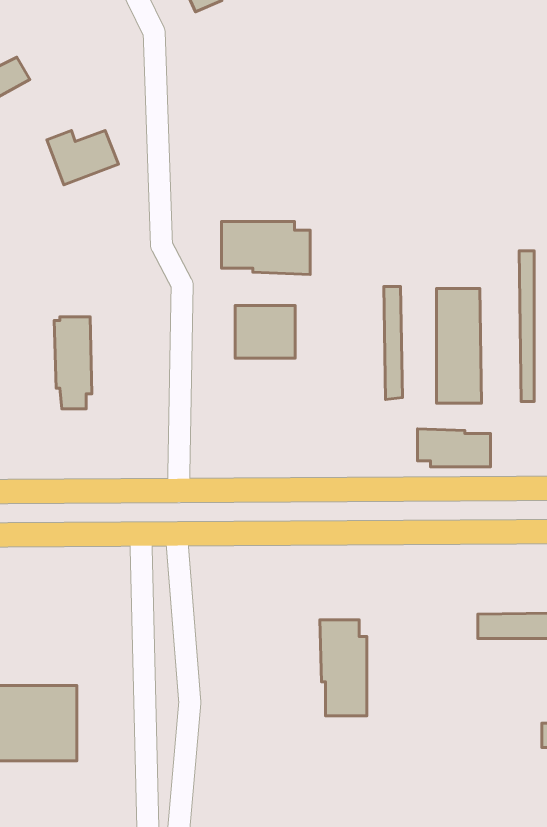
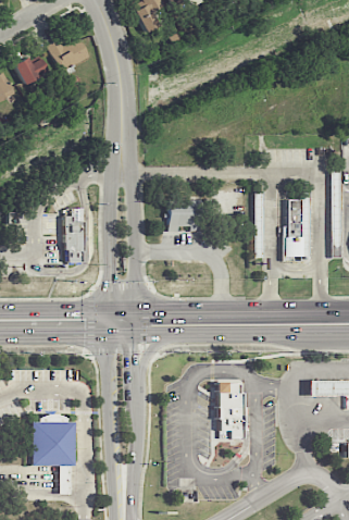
building: [47,130,118,185] -> [48,38,89,70]
building: [222,222,310,274] -> none
building: [418,429,490,467] -> none

